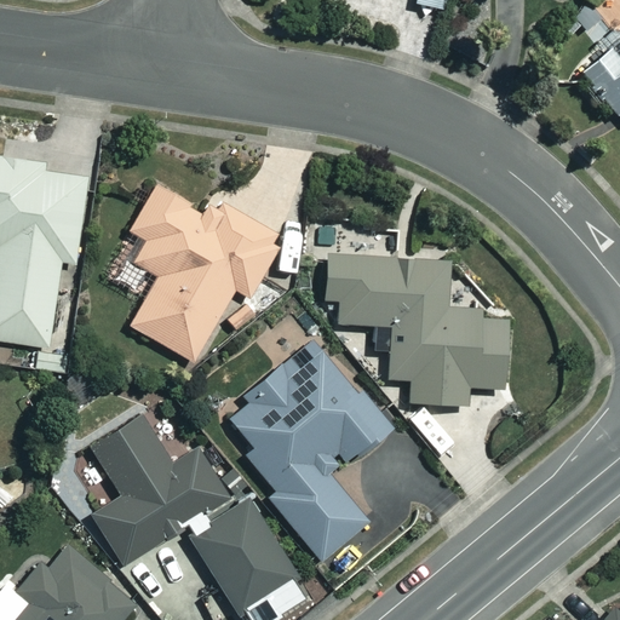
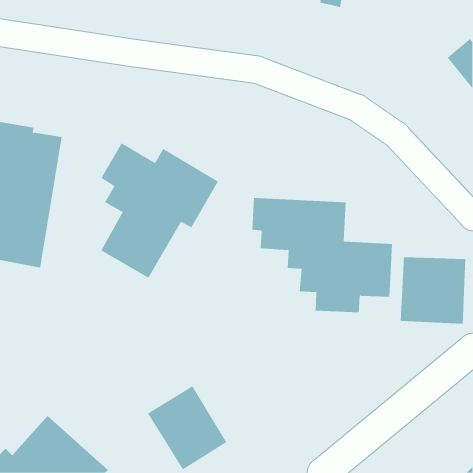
building: none -> [400,256,466,325]
building: [218,354,391,561] -> none
building: [93,418,229,562] -> none

